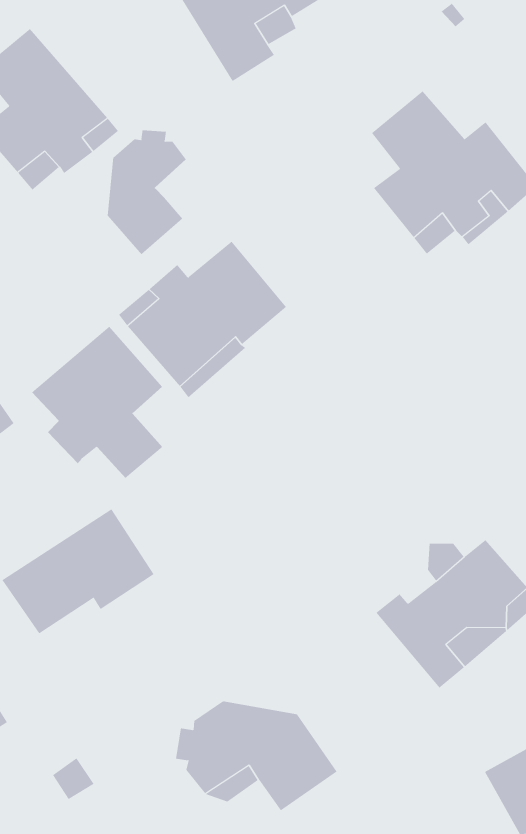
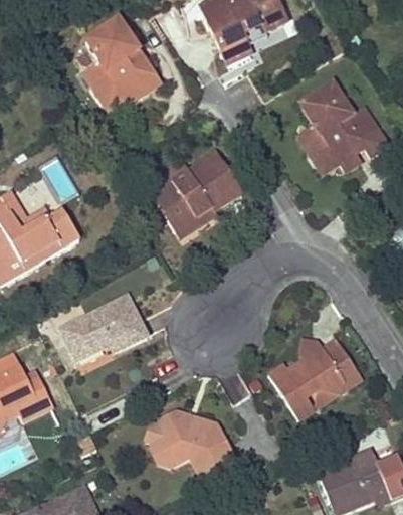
building: [107,130,187,255] -> none
building: [31,326,163,479] -> none

